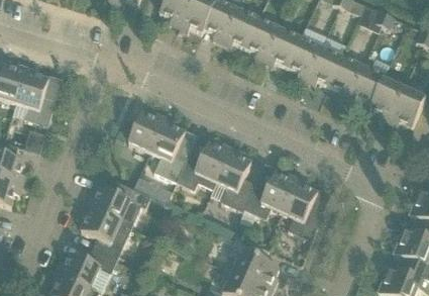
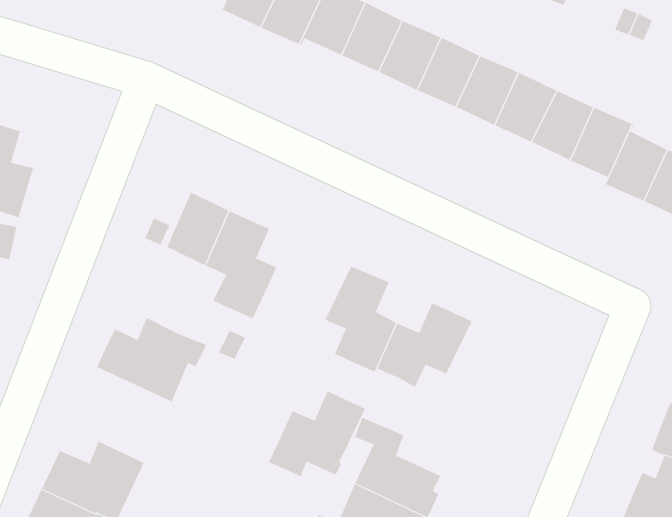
building: [176,141,229,189] -> [268,390,366,477]
building: [282,182,322,239] -> none
building: [80,207,131,260] -> none

